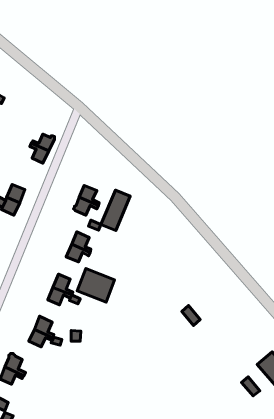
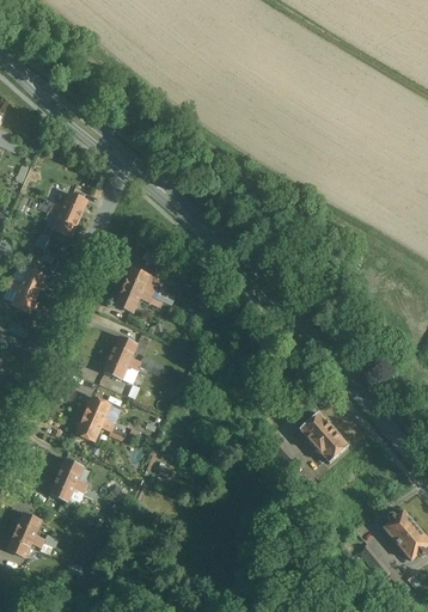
building: [101,190,130,230] -> none
building: [77,268,115,302] -> none
building: none -> [298,410,348,463]

